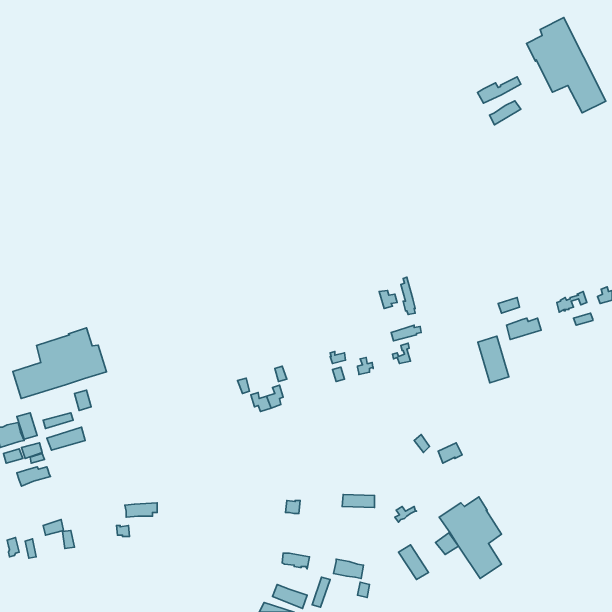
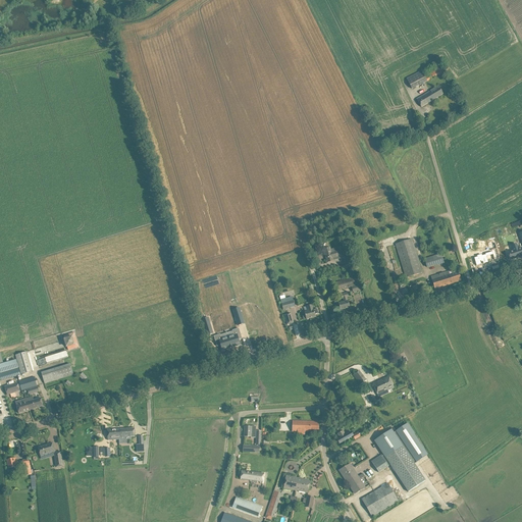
building: [526,18,606,113] -> none
building: [13,328,107,398] -> none
building: [478,336,509,383] -> [395,238,421,277]
building: none -> [361,482,398,516]

